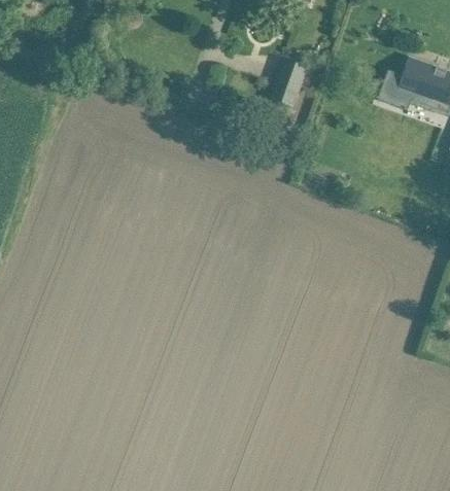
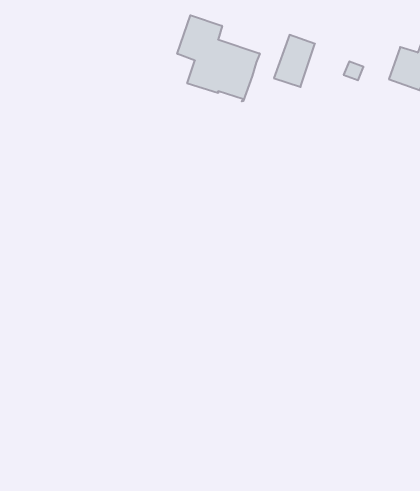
building: none -> [177,15,260,101]

